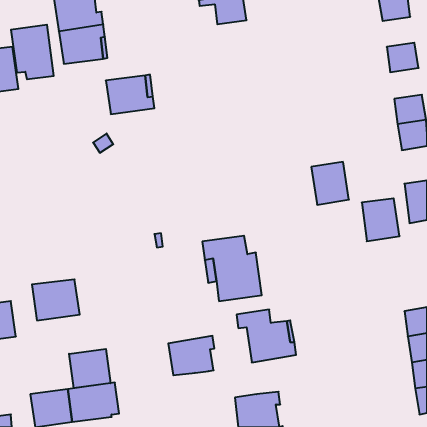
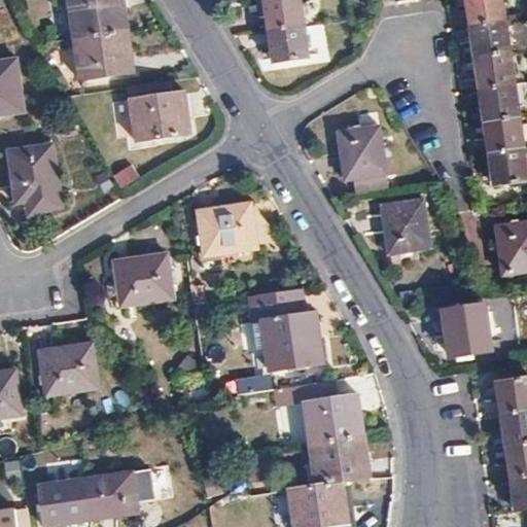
building: none -> [469,21,508,58]
building: none -> [267,25,308,61]
building: [11,25,54,79] -> [7,143,60,210]
building: none -> [479,83,518,121]
building: none -> [338,126,386,191]
building: none -> [197,204,255,255]
building: [362,198,400,241] -> [444,304,490,356]
building: none -> [112,253,171,304]
building: [168,336,214,375] -> [309,435,365,484]
building: [69,349,110,388] -> none

